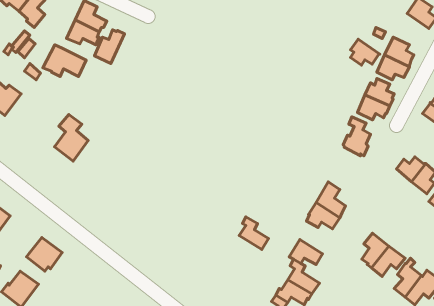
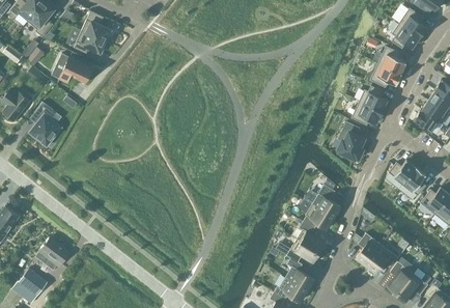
building: [95,30,125,63] -> none
building: [351,39,380,65] -> [392,23,420,48]
building: [55,114,88,161] -> [29,102,61,146]
building: [239,217,268,250] -> [297,221,325,252]

